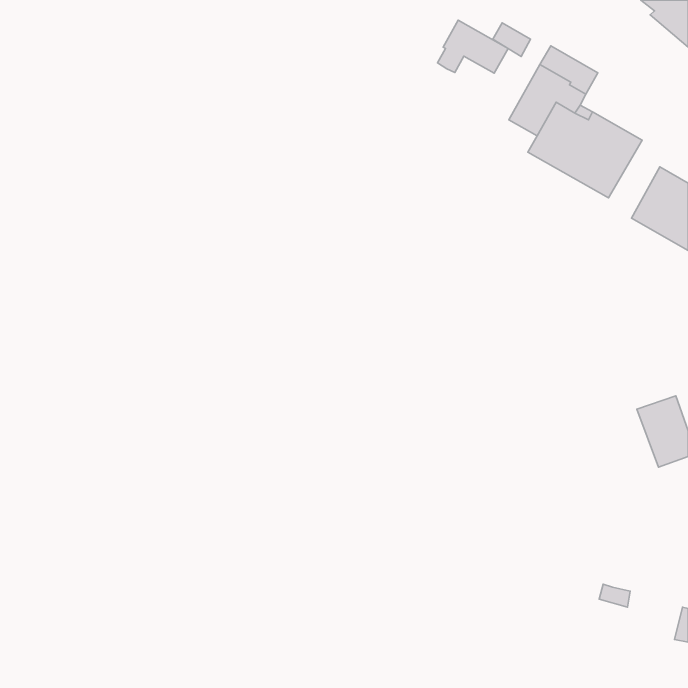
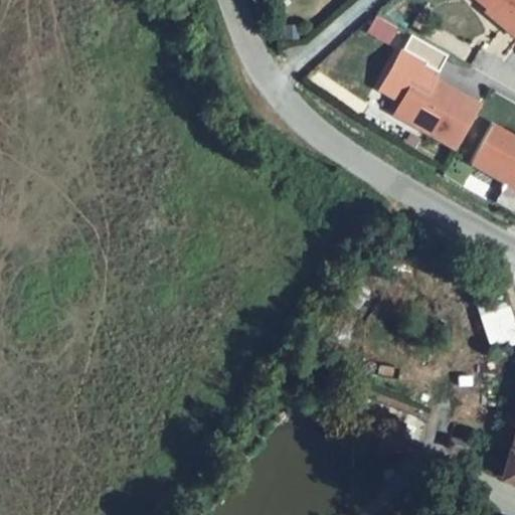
building: [438,20,508,73] -> none

